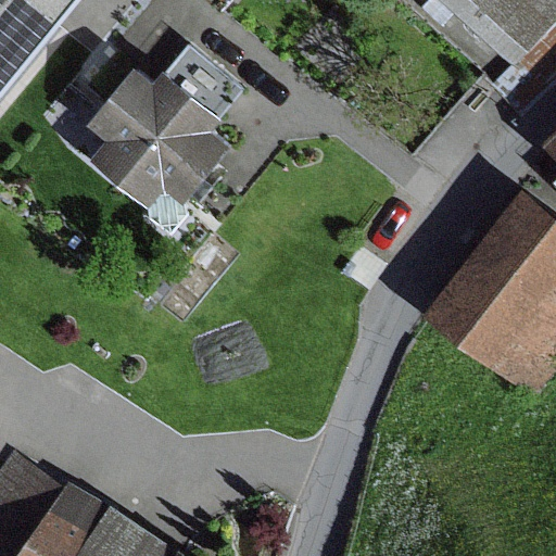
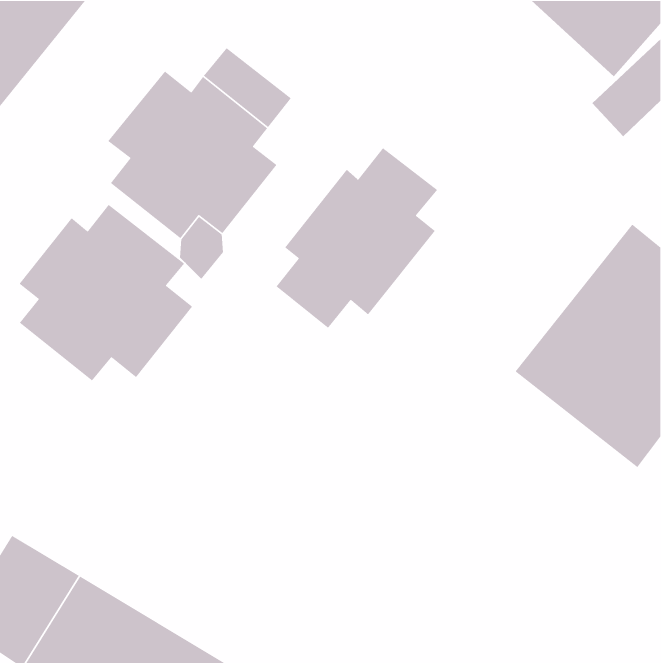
building: none -> [275,147,438,329]
building: none -> [19,204,193,382]

